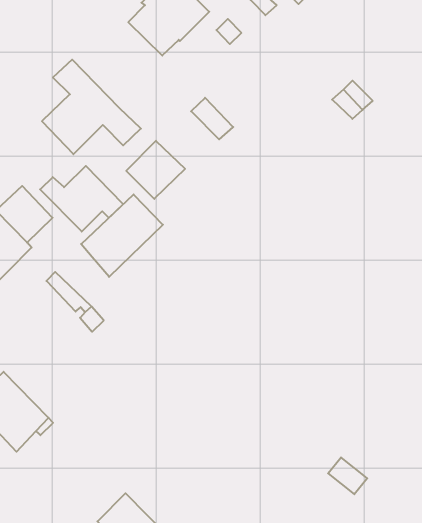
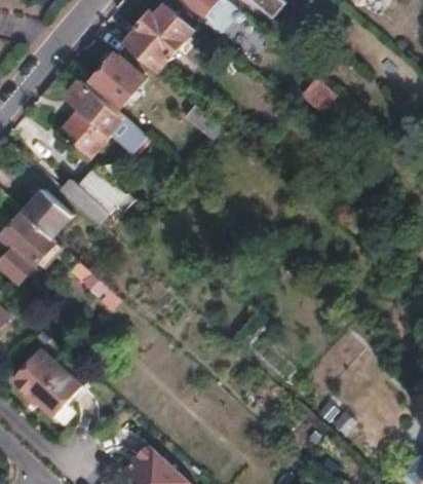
building: none -> [89,52,144,106]
building: [126,141,185,199] -> none
building: [81,194,163,277] -> none

